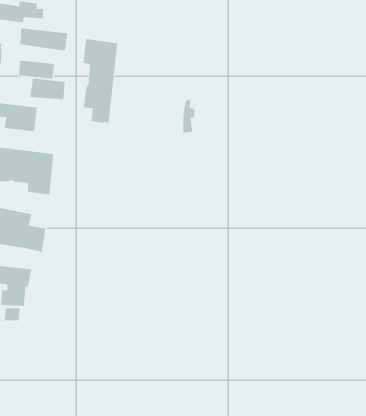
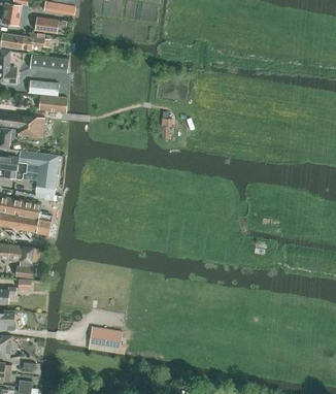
building: [83,38,118,124] -> none
building: none -> [90,326,123,347]

